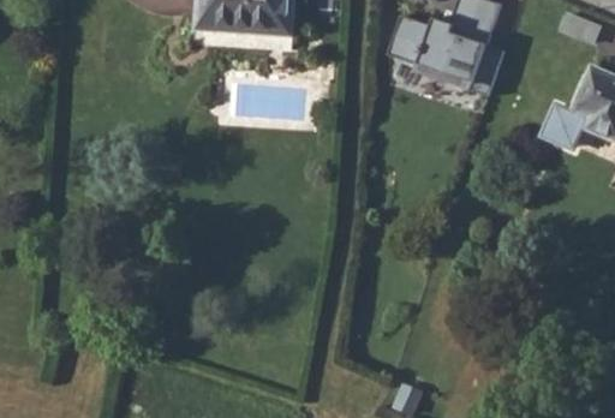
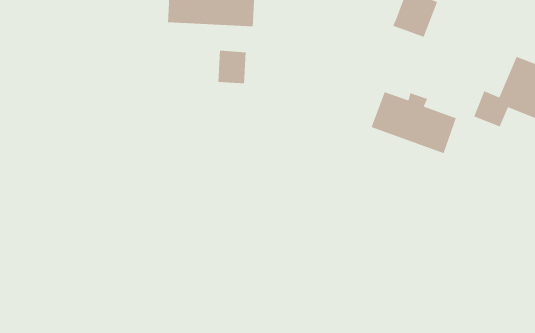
building: [388,17,485,88] -> [370,91,457,154]
building: none -> [217,50,247,84]

